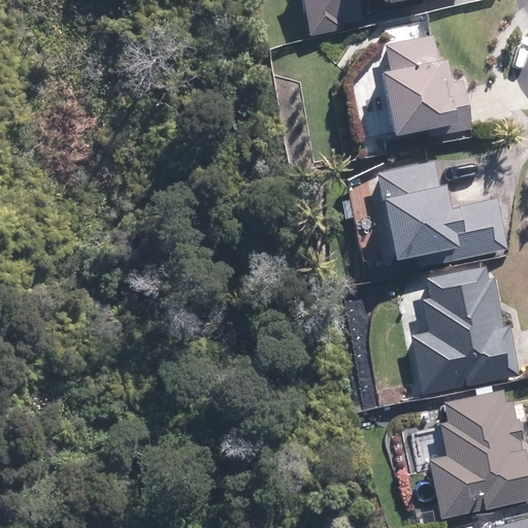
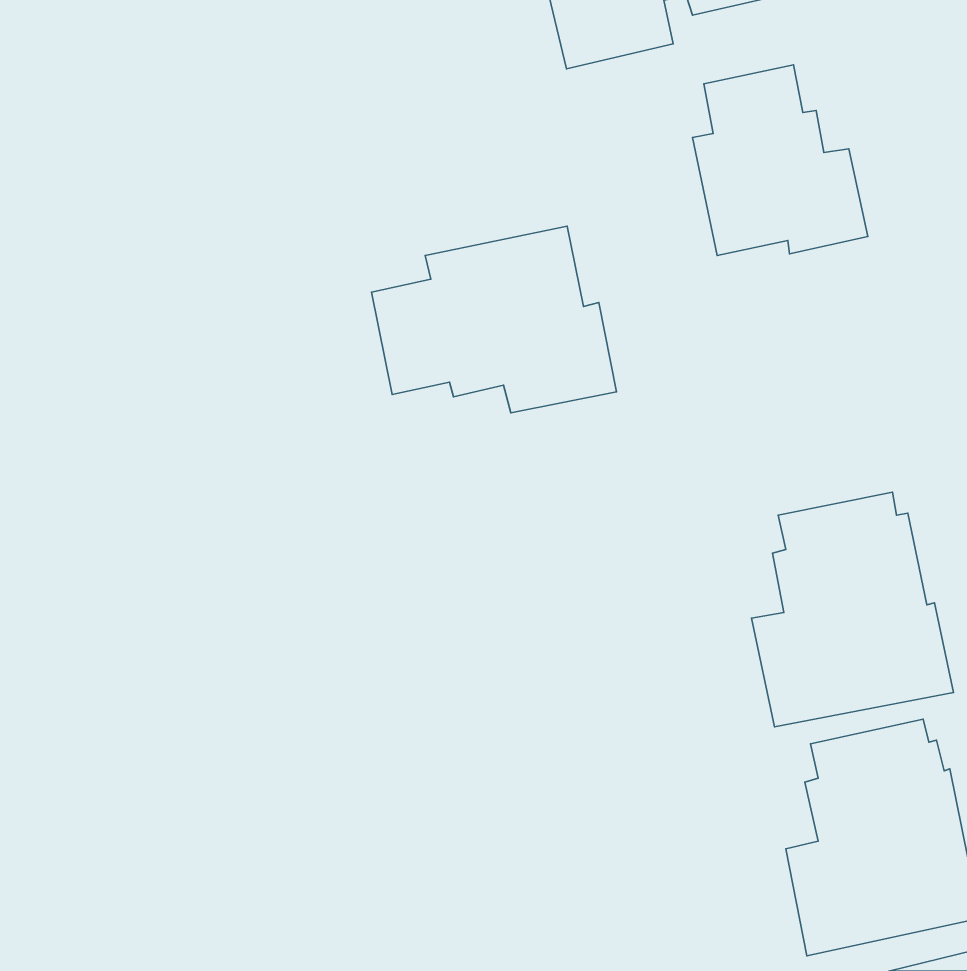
building: none -> [372,226,617,413]
building: [375,162,508,266] -> none

